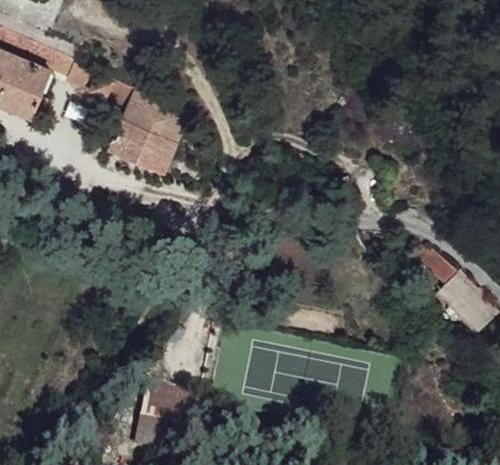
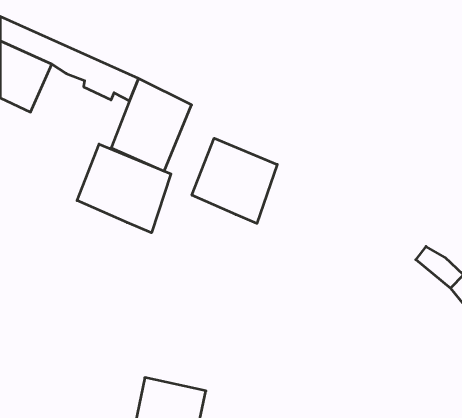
building: none -> [192,138,277,223]
building: none -> [77,144,171,233]

